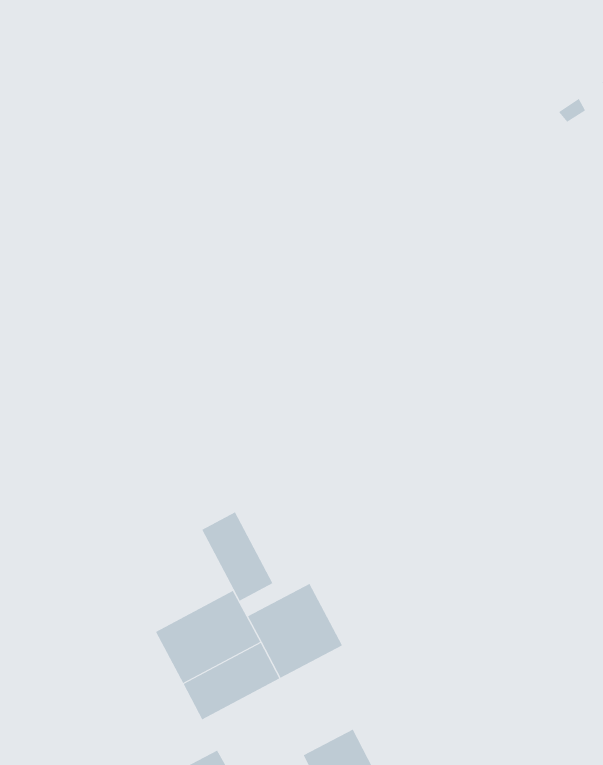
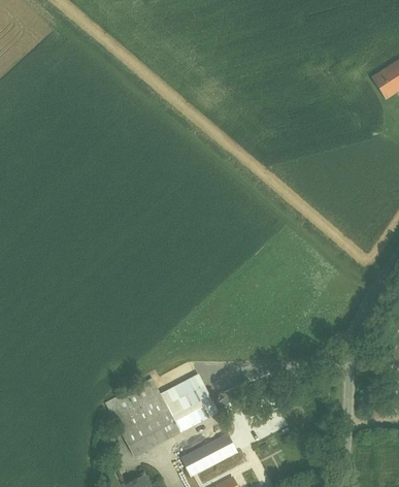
building: [201,511,273,602] -> none
building: none -> [181,433,237,476]

